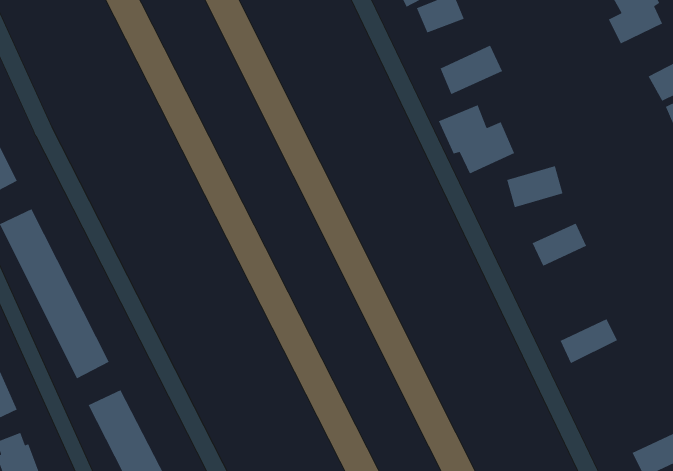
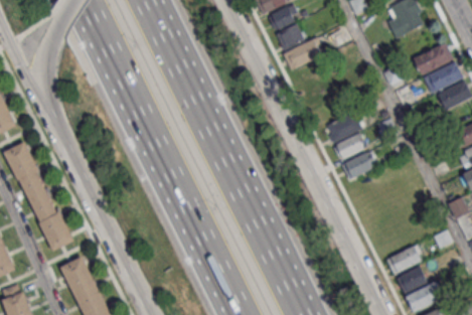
building: none -> [276,25,305,50]
building: [438,104,515,174] -> none
building: none -> [335,133,367,160]
building: [559,318,618,364] -> [385,245,423,274]
building: none -> [396,266,427,294]

